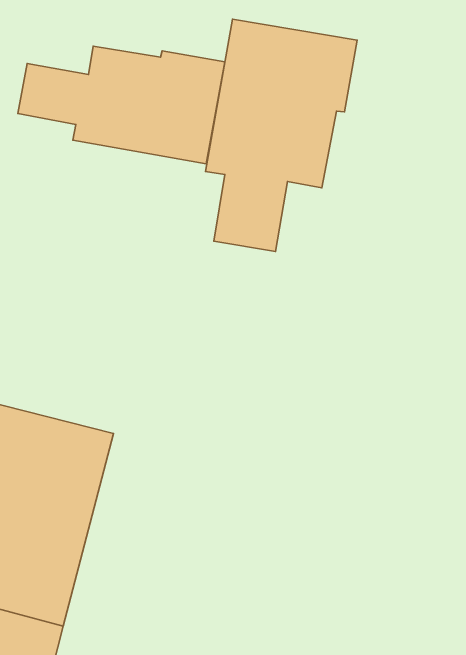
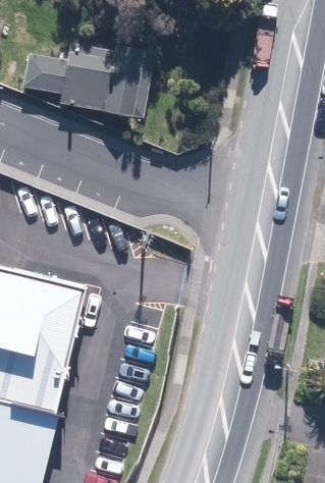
building: [206,19,357,251] -> none

